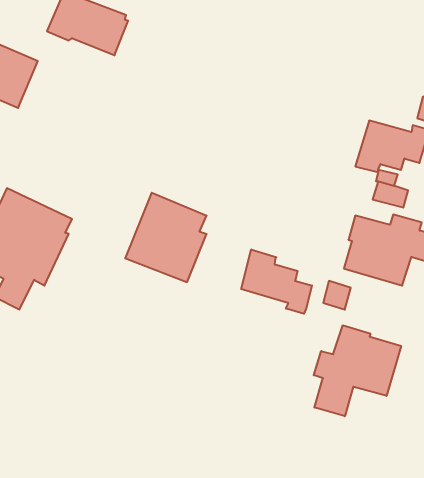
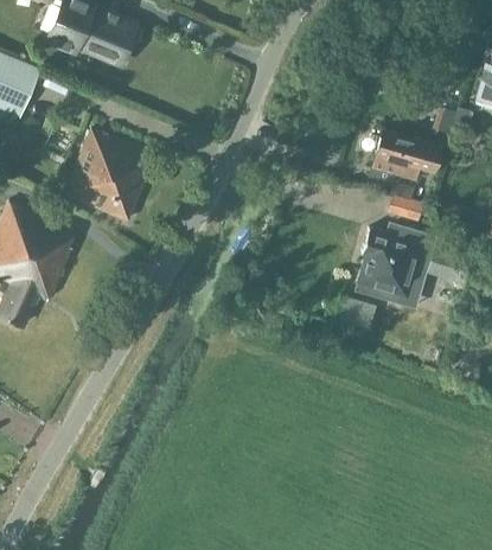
building: [125,193,207,282] -> [64,128,148,220]
building: [241,249,312,314] -> none
building: [314,325,401,416] -> none

